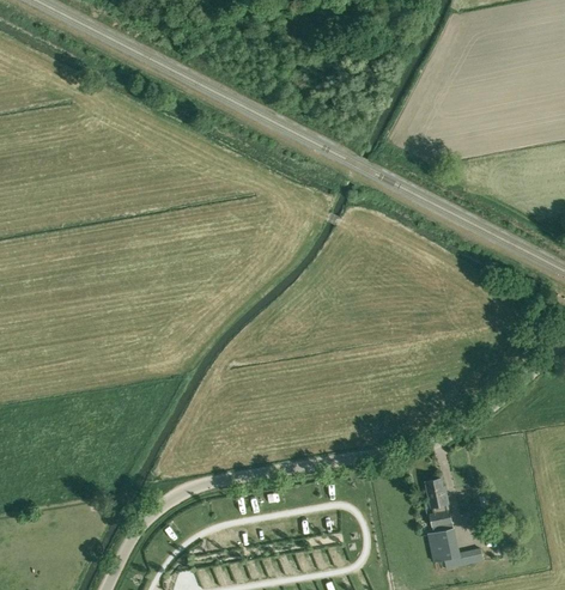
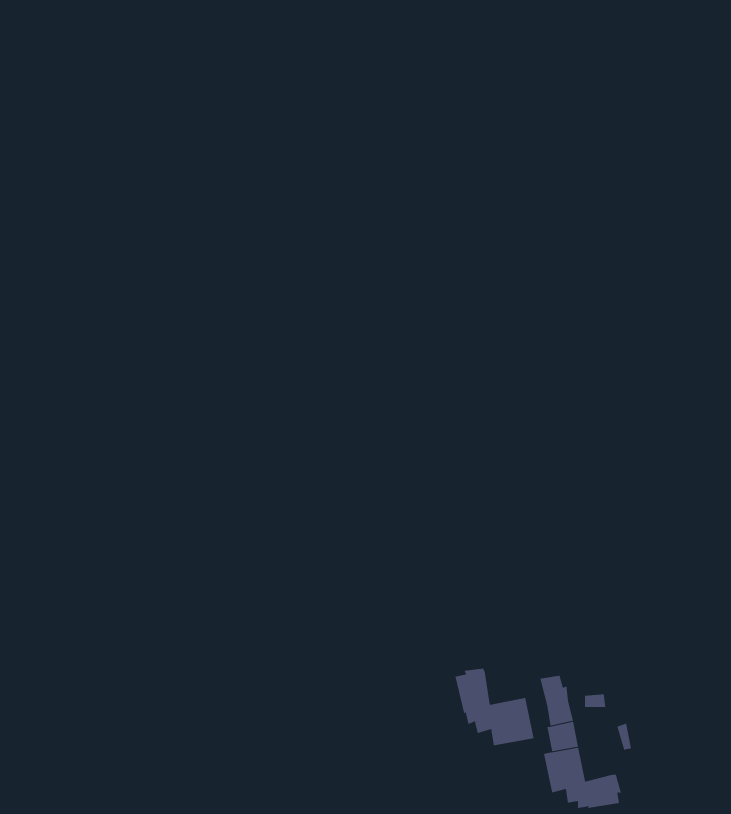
building: none -> [455,668,534,746]

